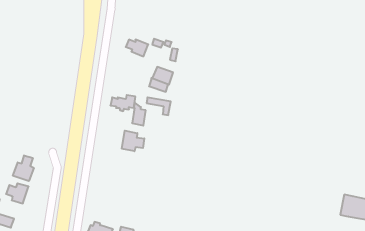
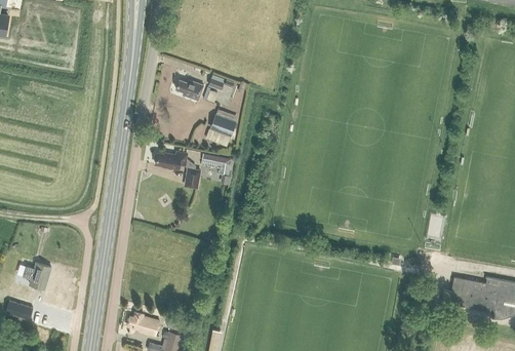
building: [122,131,144,151] -> none
building: [13,155,34,181] -> none

